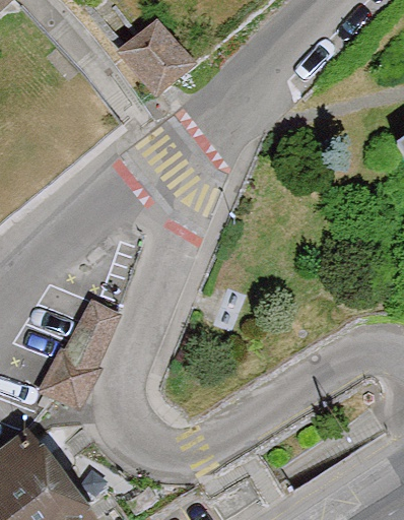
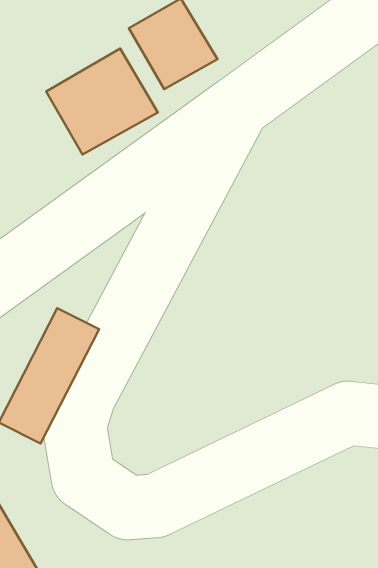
building: none -> [46,49,158,155]

